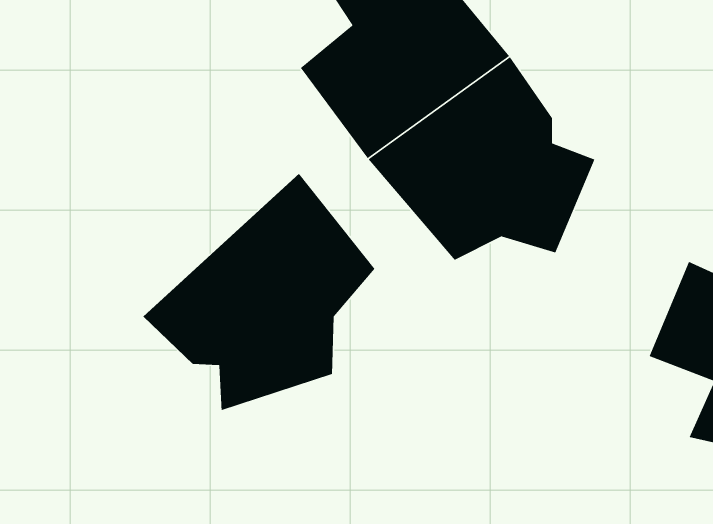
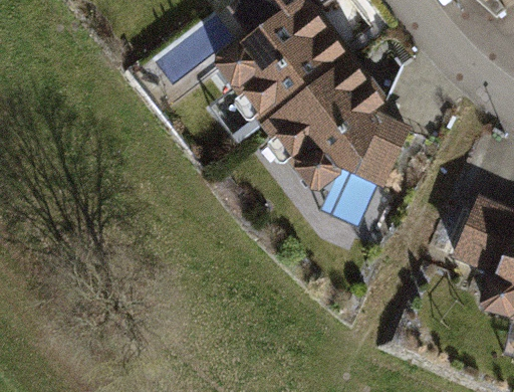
building: [143,173,375,411] -> none

